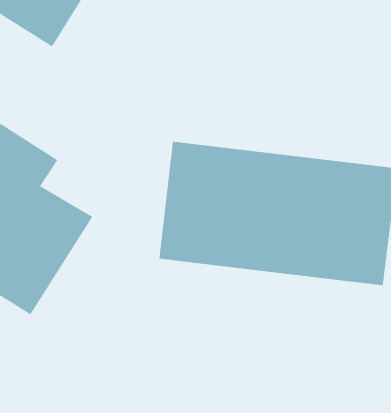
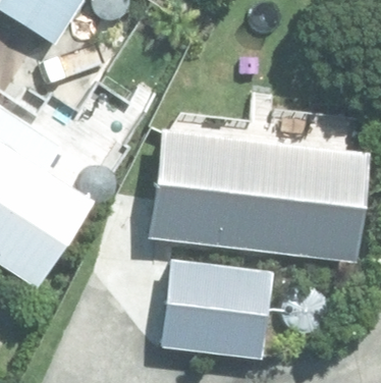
building: none -> [161,258,272,358]

